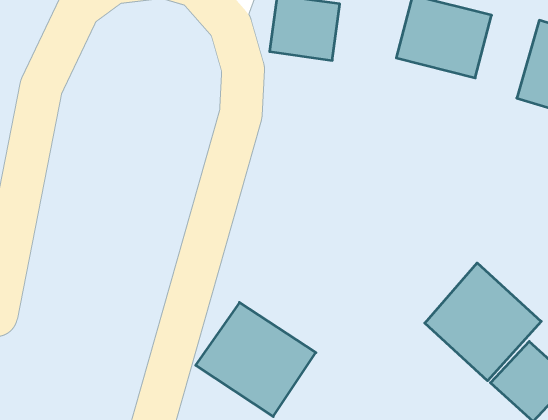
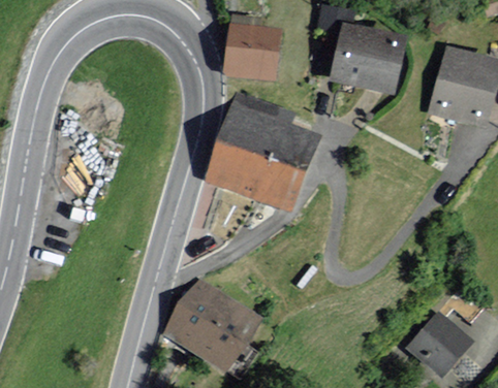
building: none -> [204,89,322,206]
building: [425,263,541,381] -> none

